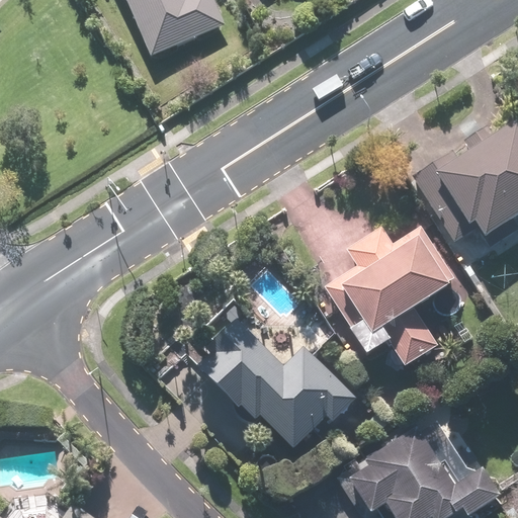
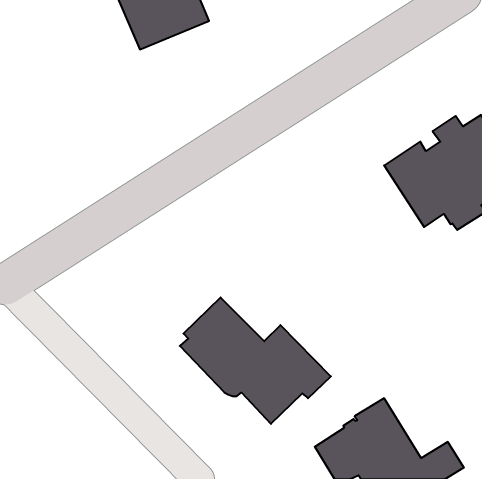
building: [326,225,455,366] -> none

